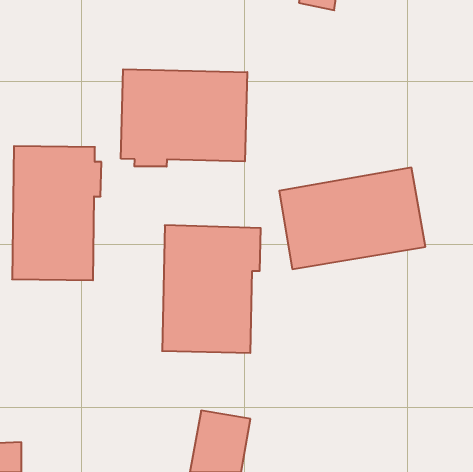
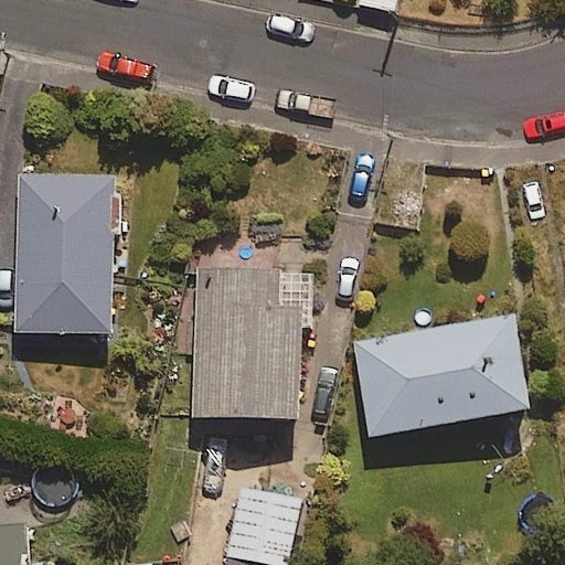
building: [121,69,247,167] -> none
building: [279,168,425,269] -> [354,315,527,435]

